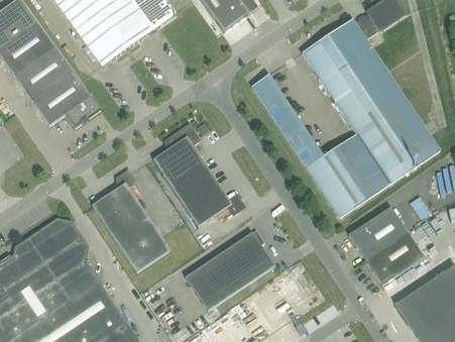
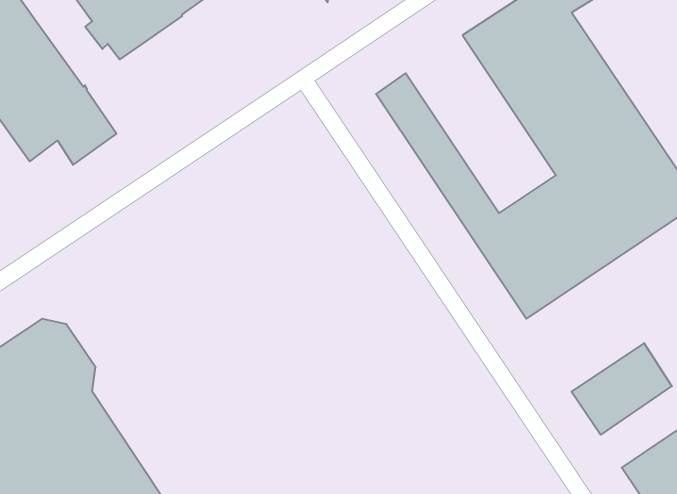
building: [152,122,245,226] -> none
building: [92,168,169,271] -> none
building: [348,206,408,259] -> none
building: [185,229,274,310] -> none

